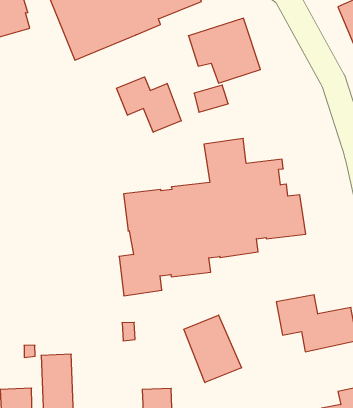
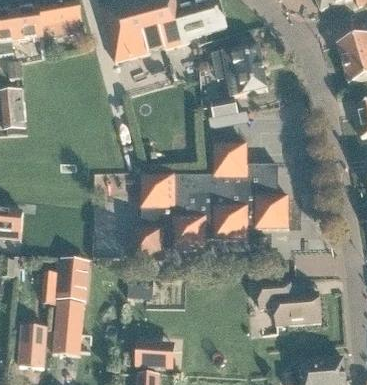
building: [116,77,181,132] -> none
building: none -> [58,257,87,300]
building: [184,315,241,383] -> none

